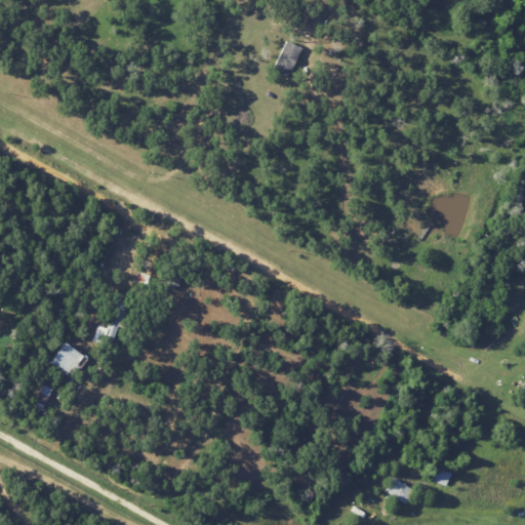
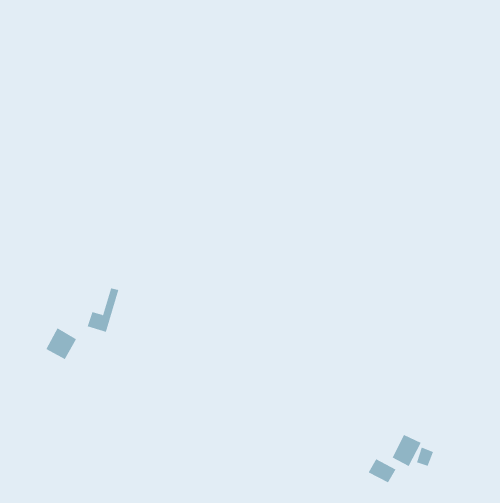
building: [275,40,304,78] -> none
building: none -> [392,434,422,467]

